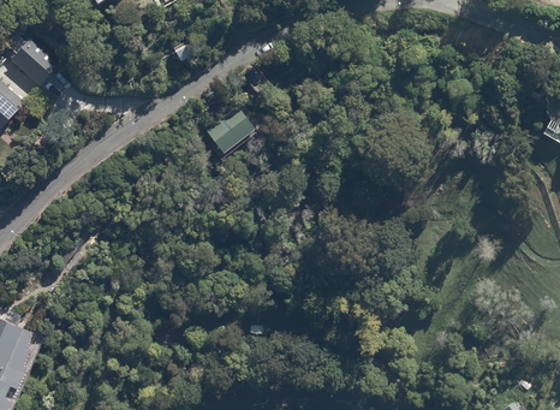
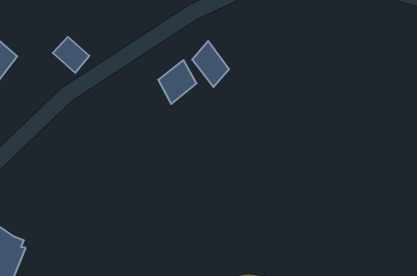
building: [12,38,59,84] -> [53,37,89,73]
building: none -> [192,41,229,87]

